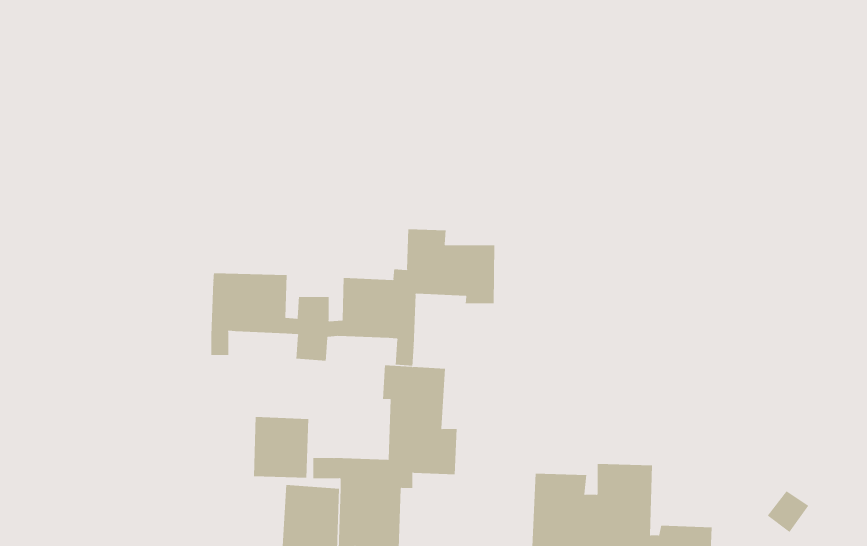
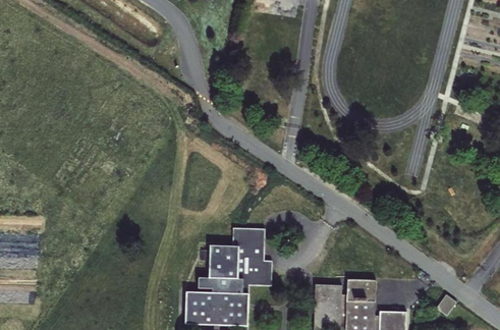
building: [211,229,495,367] -> none
building: [253,416,309,478] -> [209,243,238,276]

